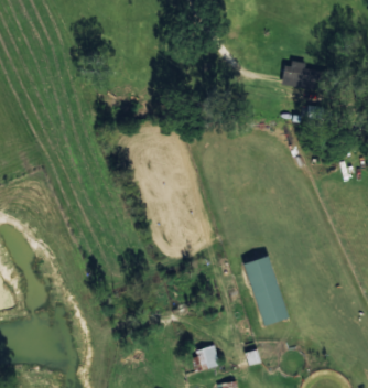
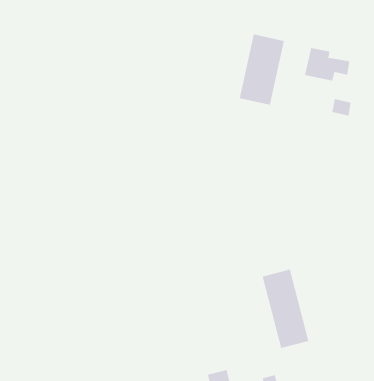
building: none -> [239,34,284,106]

